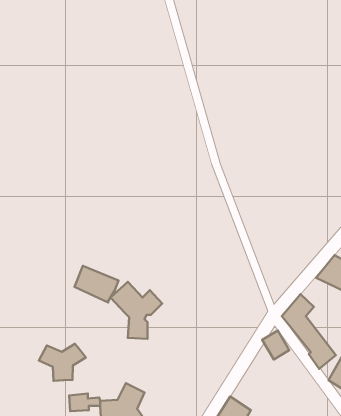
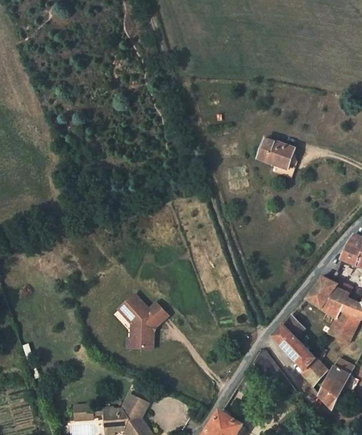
building: none -> [259,140,294,172]
building: [74,266,118,302] -> none
building: [39,344,86,381] -> none

